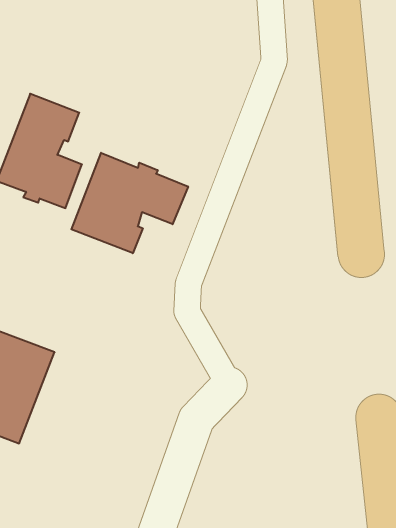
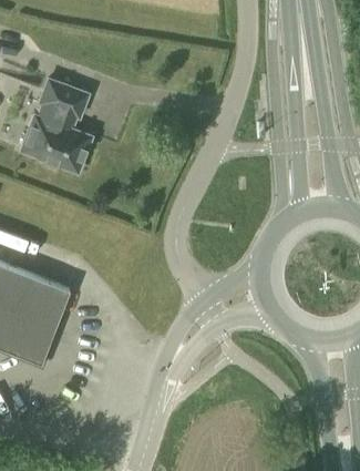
building: [71,153,188,253] -> none

